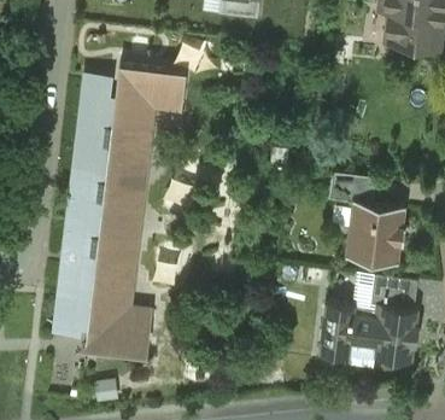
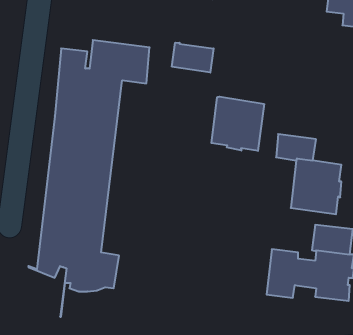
building: none -> [172,43,214,73]
building: none -> [211,97,264,151]

